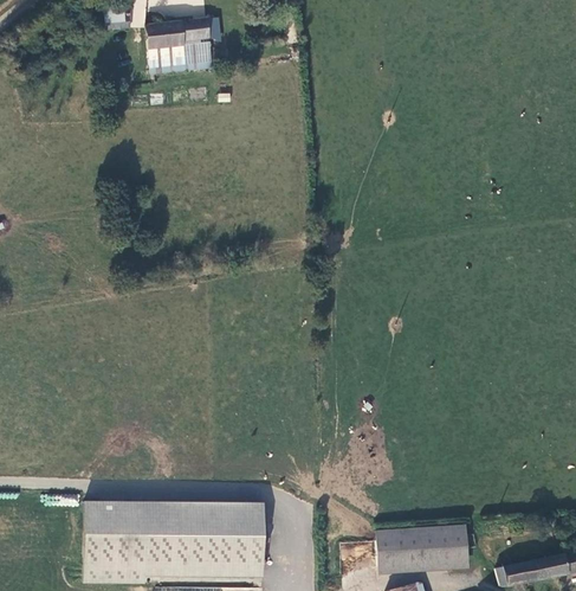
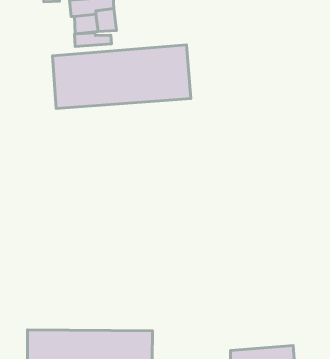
building: none -> [74,33,111,47]
building: none -> [52,45,191,109]

